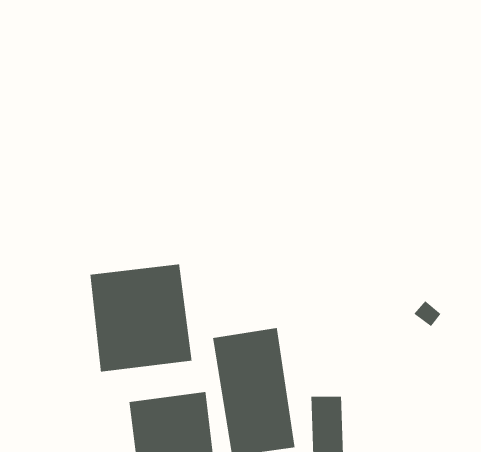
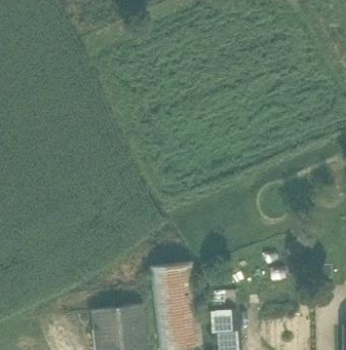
building: [89,263,192,373] -> none

